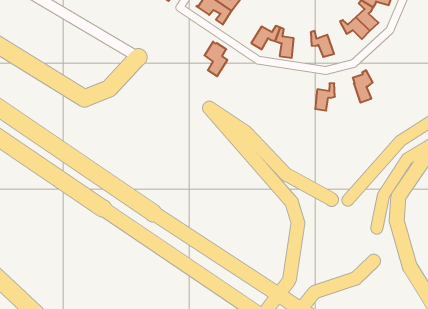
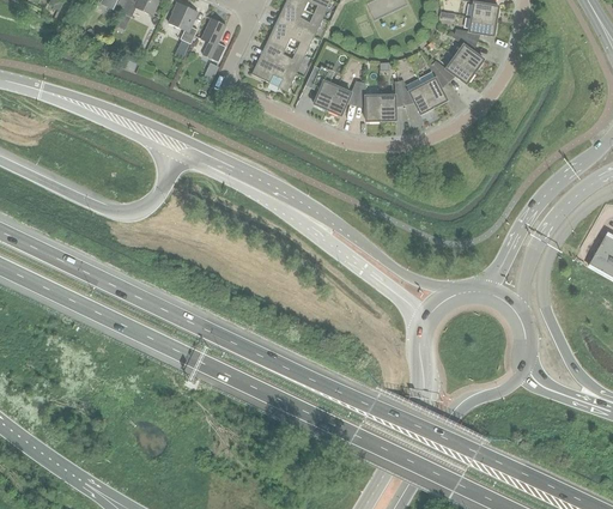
building: [204,42,227,76] -> [306,66,336,109]
building: [353,70,373,103] -> [419,65,447,107]
building: [315,83,335,111] -> [380,84,403,120]

